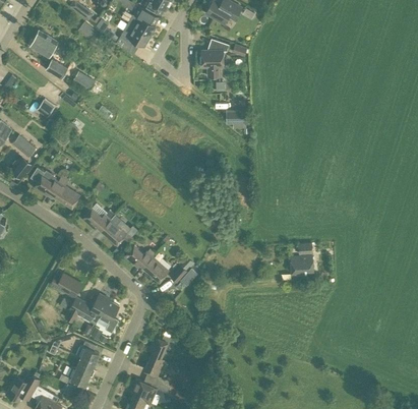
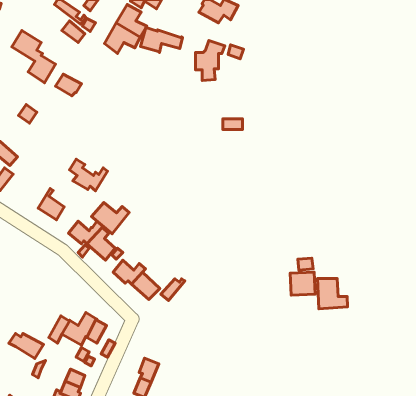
building: none -> [140,28,182,52]
building: [31,166,66,195] -> [69,159,108,191]
building: none -> [91,203,129,234]
building: none -> [318,278,347,309]
building: [50,273,82,296] -> [9,334,44,359]

